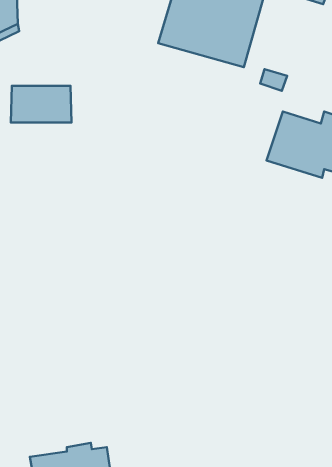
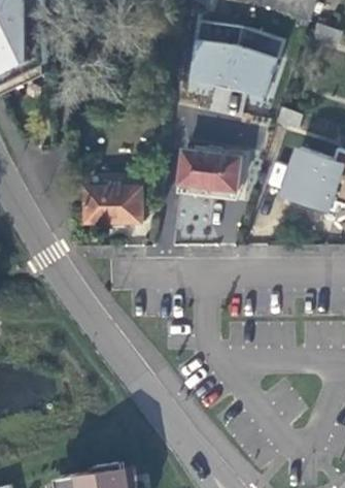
building: [11,86,72,123] -> [84,187,142,222]
building: none -> [179,150,240,190]

